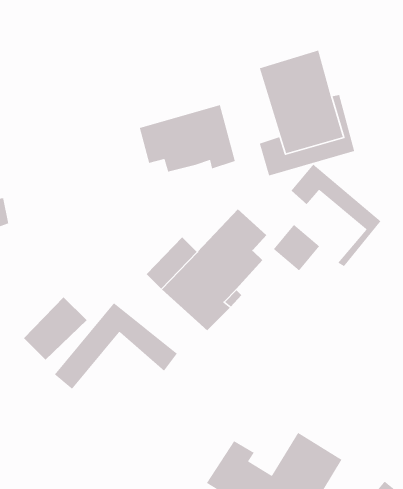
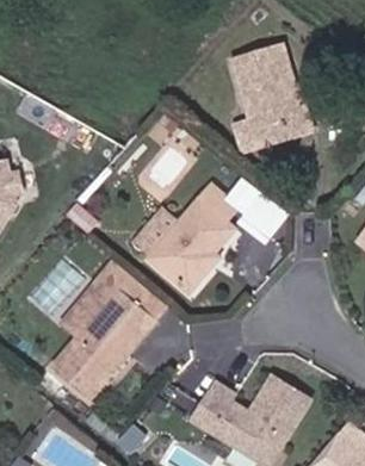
building: [139,104,236,173] -> none
building: [291,164,381,267] -> none
building: none -> [48,288,154,403]

